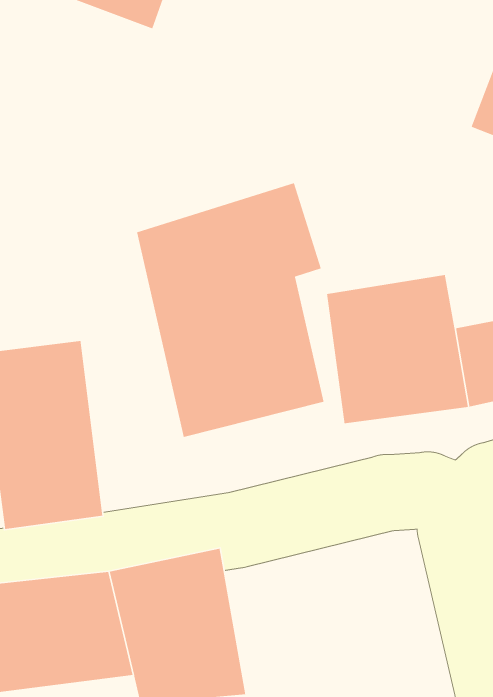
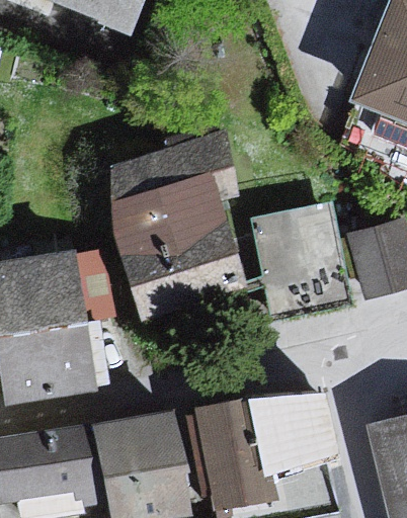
building: none -> [187,391,339,508]

